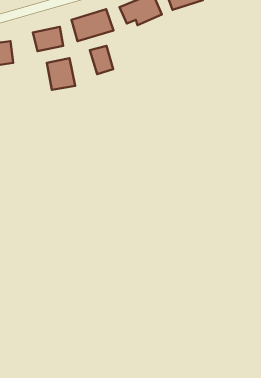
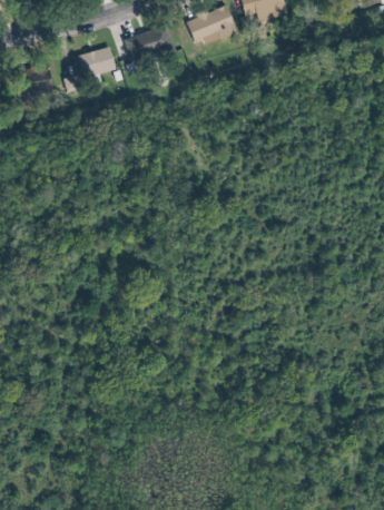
building: [90,46,113,74] -> none
building: [47,58,75,90] -> none

